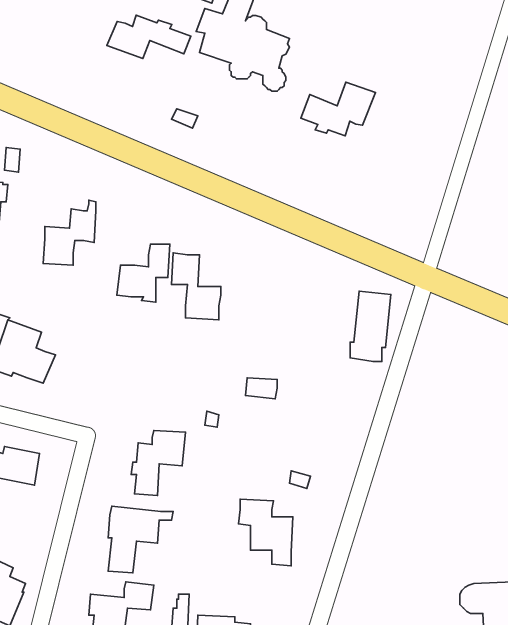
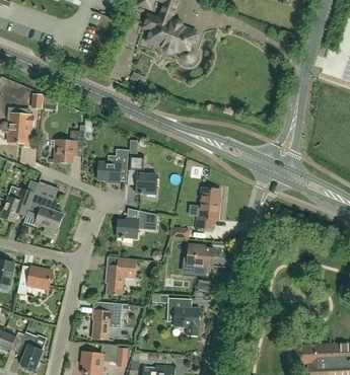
building: [107,15,191,58] -> none
building: [301,82,376,136] -> none
building: [350,291,391,361] -> [196,186,219,227]
building: none -> [116,210,156,237]
building: none -> [186,243,213,267]

